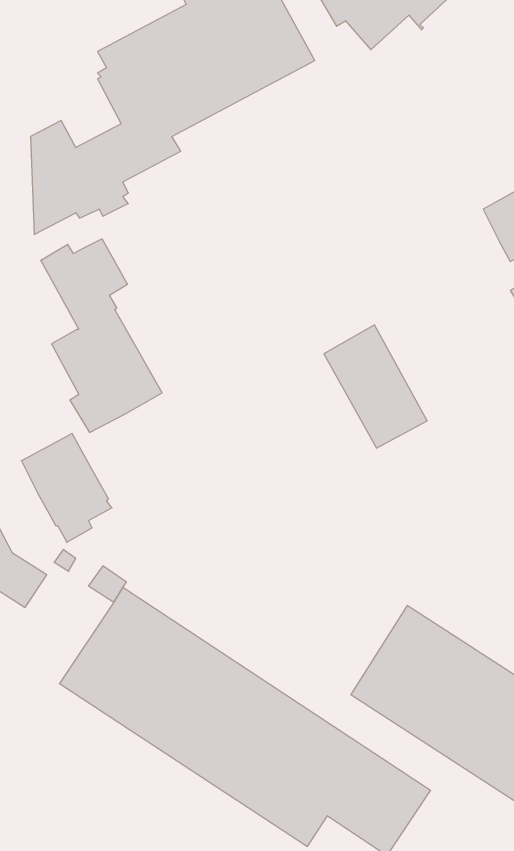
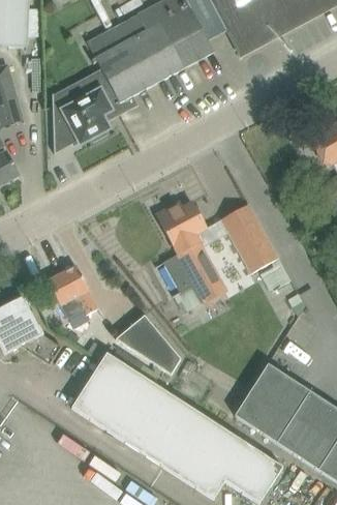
building: [41,239,162,433] -> [156,201,225,311]
building: none -> [115,314,180,373]

